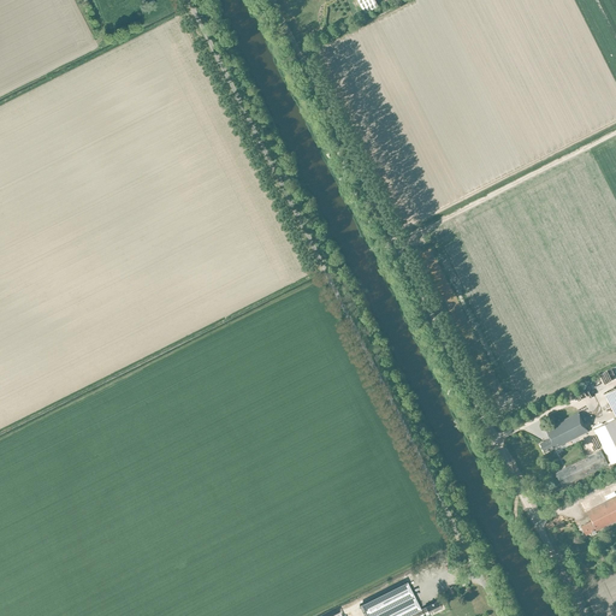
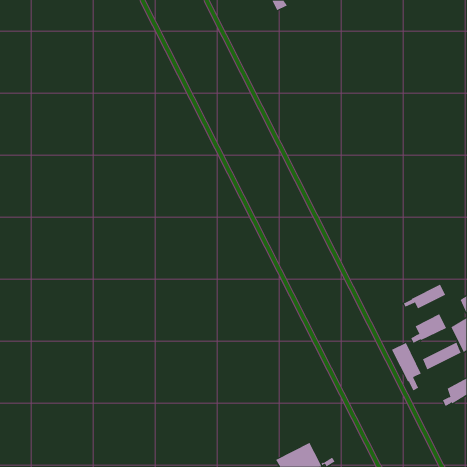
building: none -> [403,284,446,309]
building: none -> [391,342,421,391]

